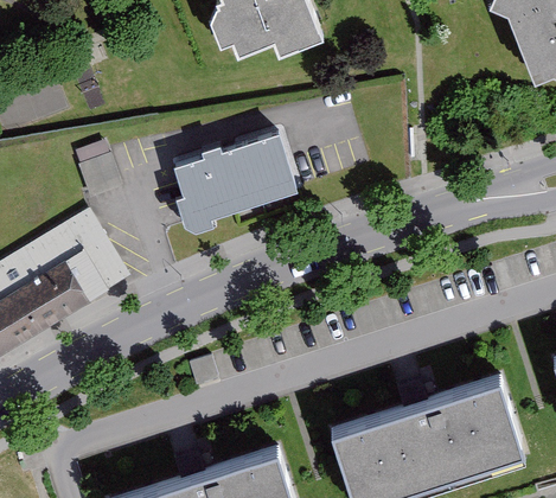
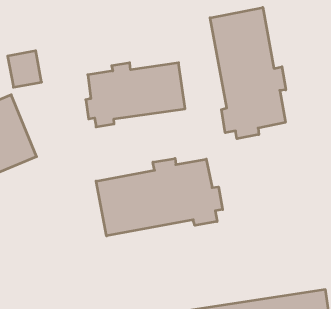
building: none -> [210,7,286,139]
building: none -> [96,158,223,236]

